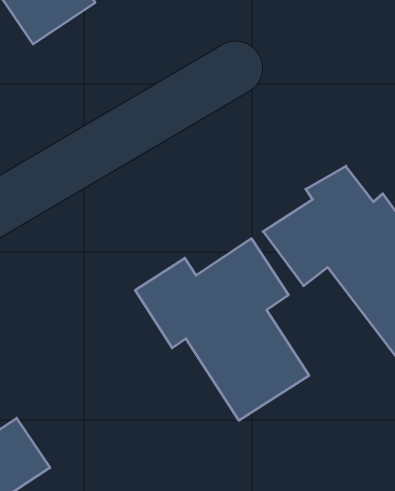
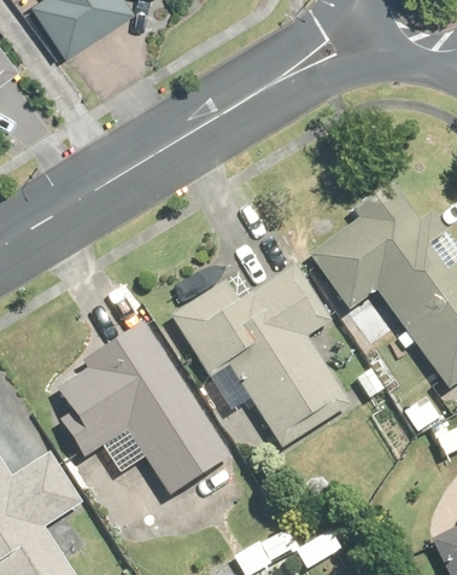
building: none -> [53,318,232,495]

